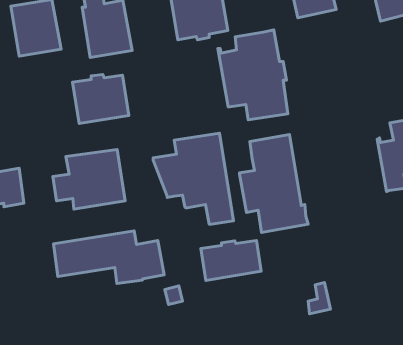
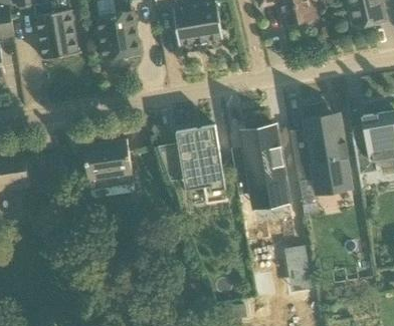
building: [218,30,288,120] -> [289,114,350,192]
building: [73,74,129,123] -> none
building: [53,231,164,283] -> none
building: [201,240,261,280] -> none

